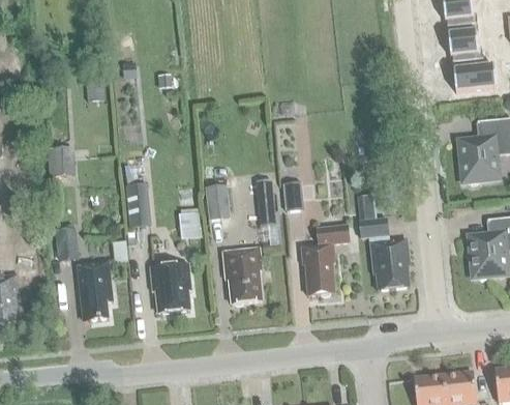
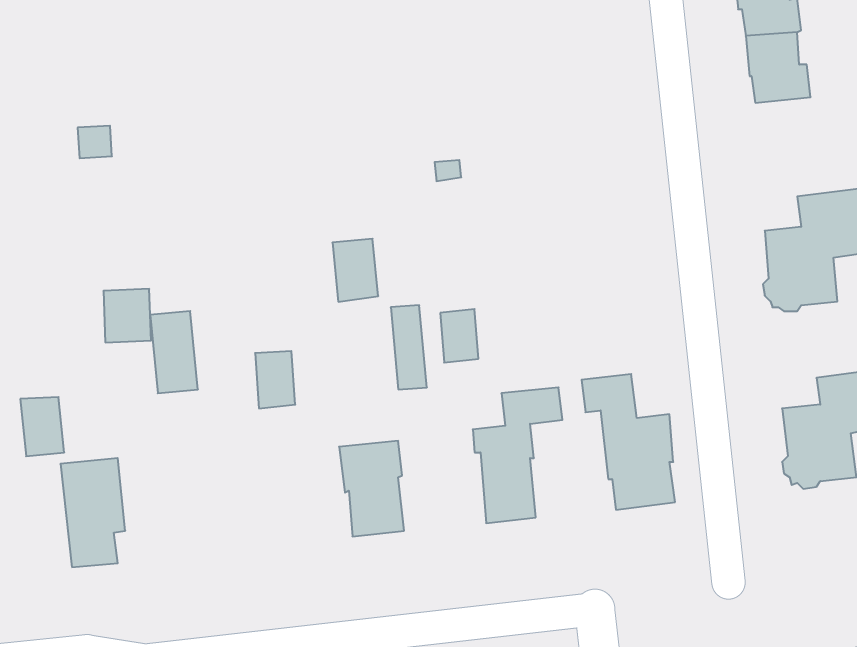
building: [453,65,496,91] -> none
building: [49,147,74,176] -> [103,289,151,342]
building: [205,184,230,219] -> [332,239,378,302]
building: [151,263,190,312] -> none

